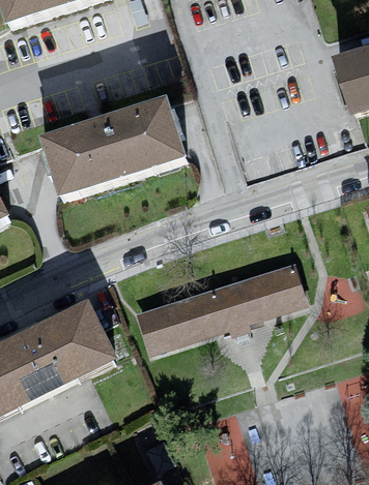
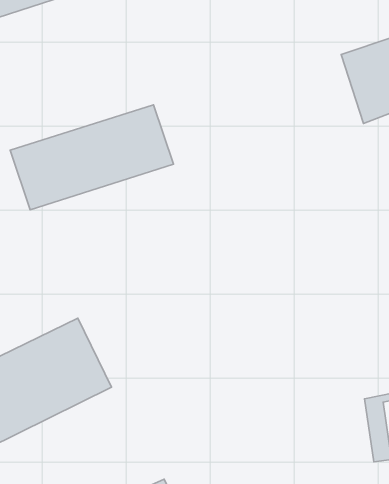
building: [140,264,306,353] -> none

